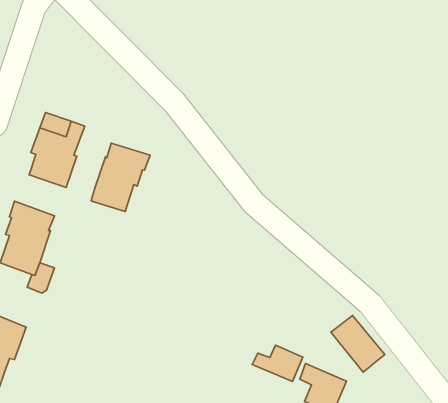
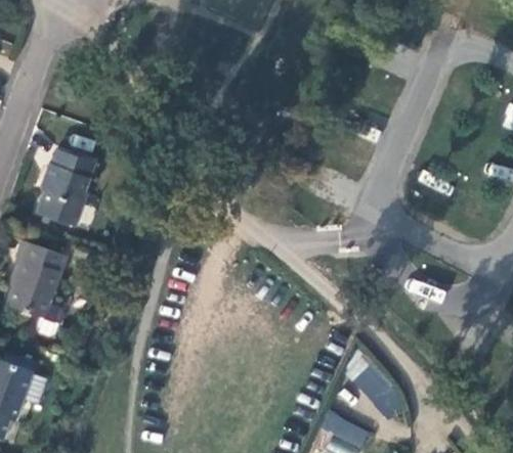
building: [91,143,150,211] -> none
building: [252,345,303,382] -> none

